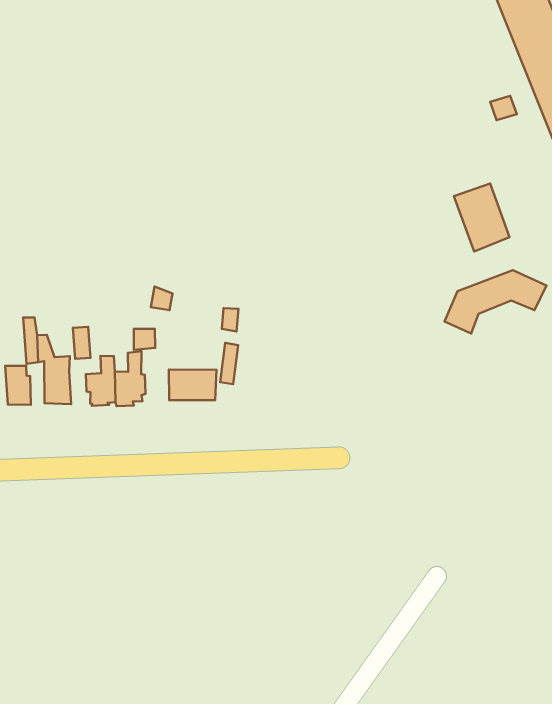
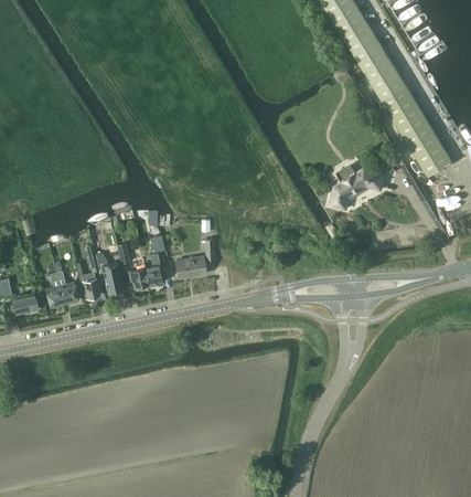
building: [454,184,510,252] -> none

